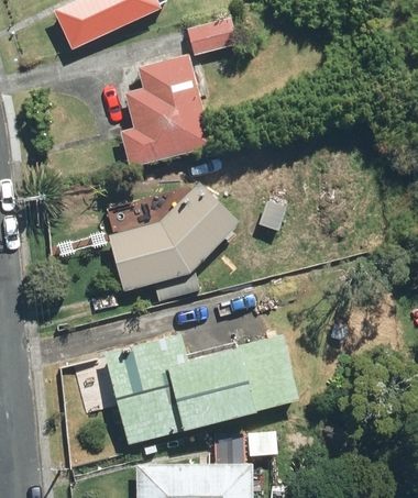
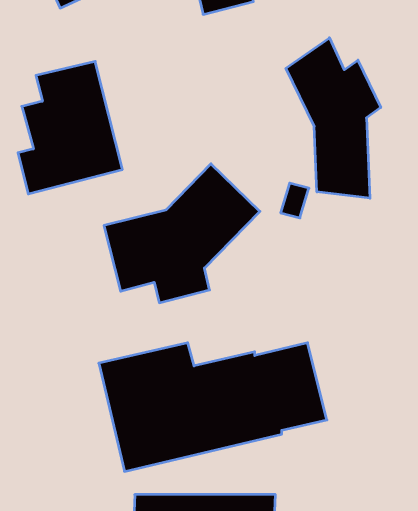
building: [121,55,210,168] -> [18,61,122,194]
building: none -> [286,38,381,198]

